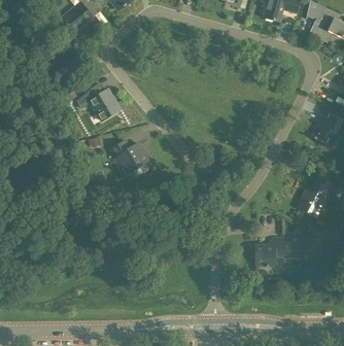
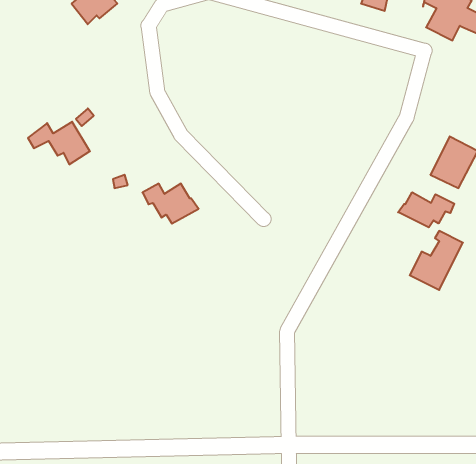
building: [76,89,119,118] -> [28,122,90,164]
building: none -> [398,192,454,227]
building: [255,238,301,266] -> none

